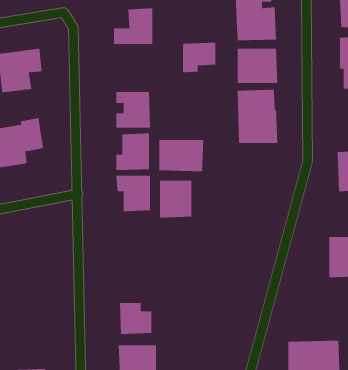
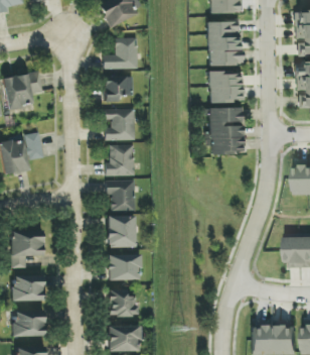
building: [182,42,216,73] -> [104,76,133,102]
building: [159,139,204,172] -> none
building: [159,180,192,218] -> [107,216,135,248]
building: none -> [10,230,43,267]
building: none -> [108,254,140,280]
building: none -> [12,275,44,302]
building: none -> [11,311,45,337]

